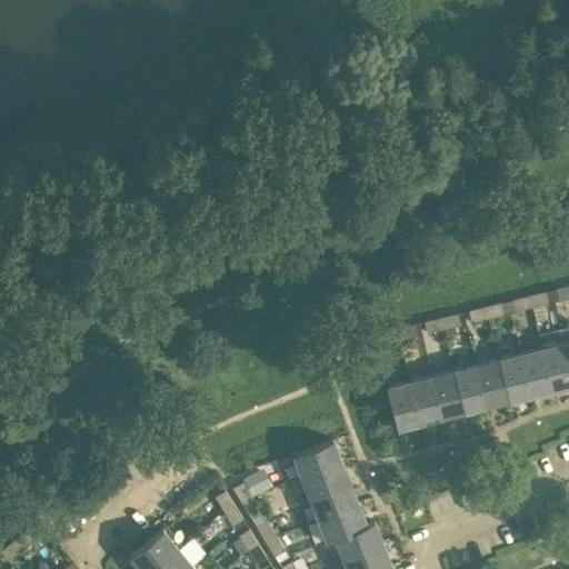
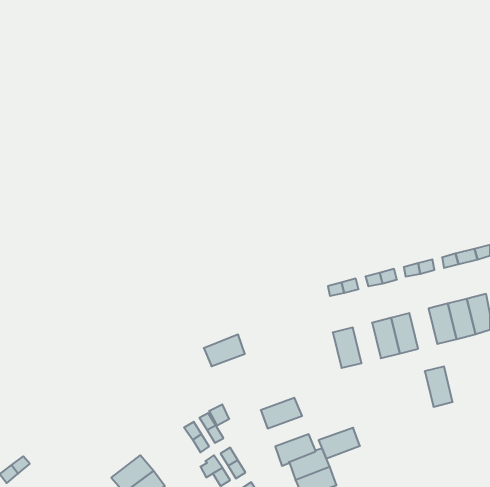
building: [475,361,507,408] -> [425,366,453,407]
building: [409,378,441,425] -> none
building: [293,442,341,479] -> [204,335,245,366]
building: [310,486,358,521] -> [319,428,360,458]

